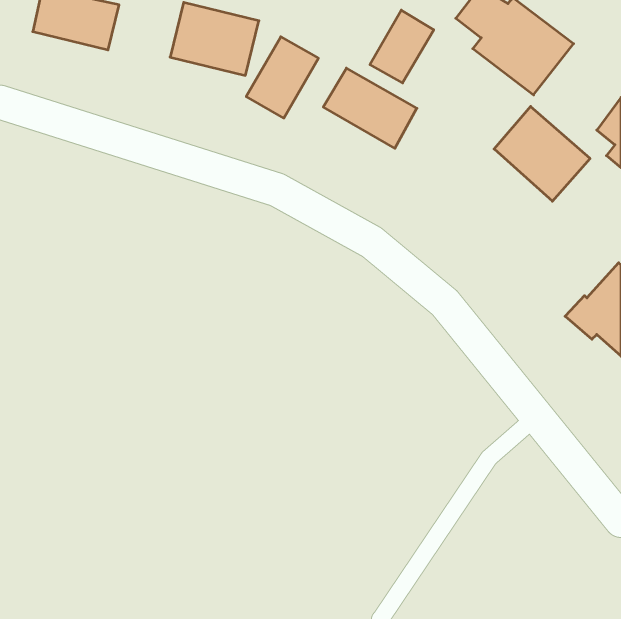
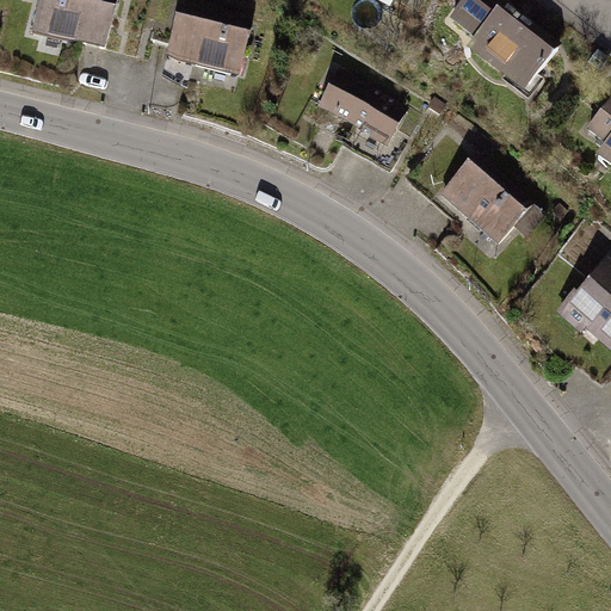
building: [370,10,434,83] -> none
building: [246,37,318,118] -> none
building: [494,106,590,201] -> [440,152,535,245]

